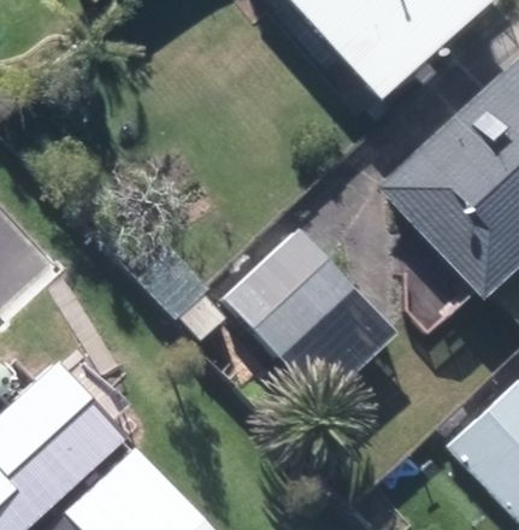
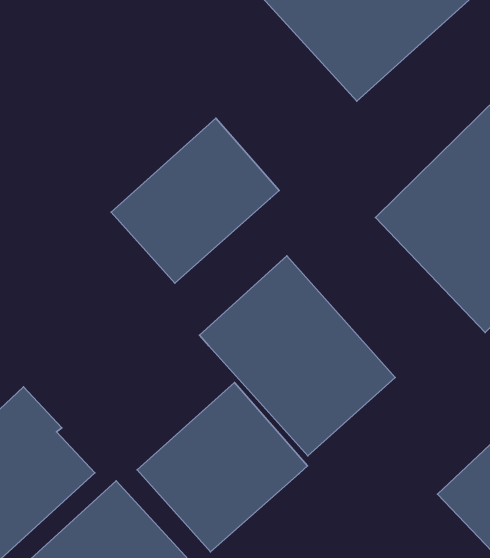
building: none -> [111,118,279,283]
building: none -> [137,383,308,552]

